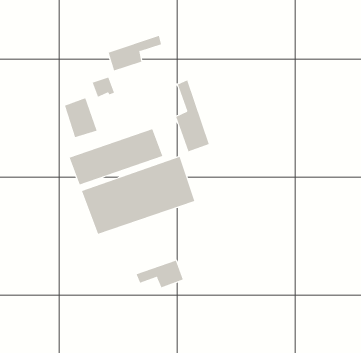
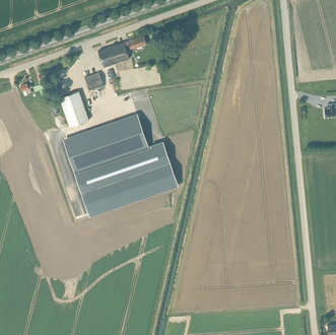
building: [175,80,210,152] -> none
building: [136,260,183,288] -> none

